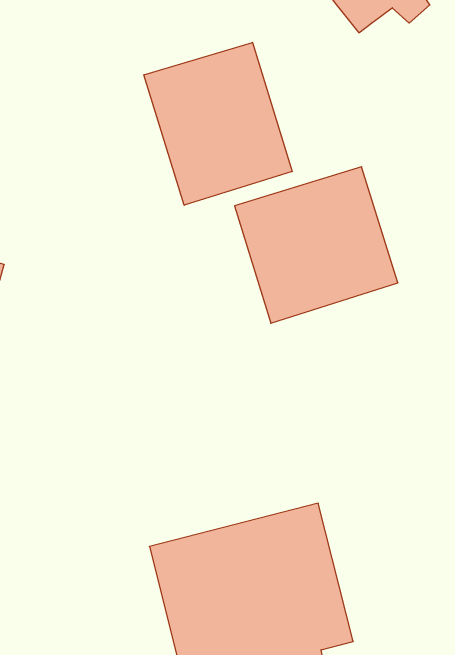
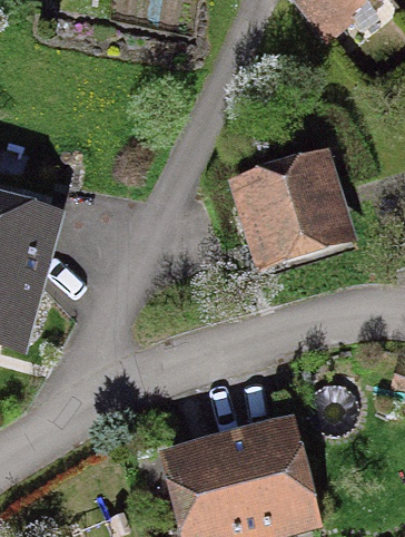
building: [144,42,292,205] -> none

